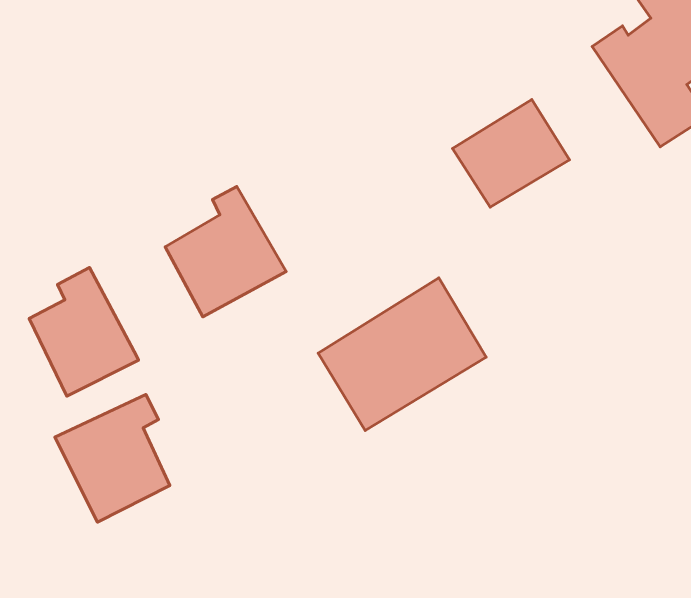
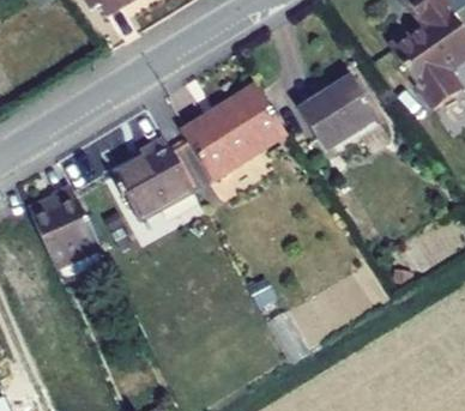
building: [318,278,486,431] -> [175,78,282,175]
building: [55,395,170,522] -> none

